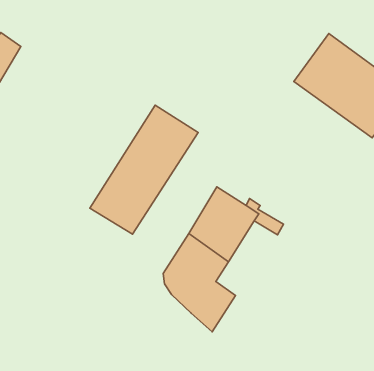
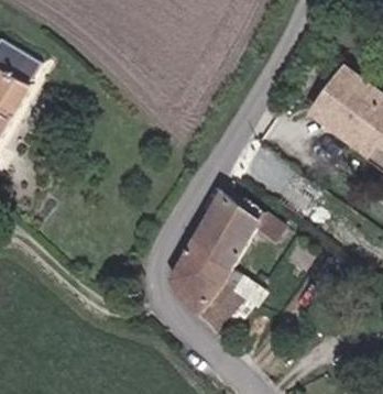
building: [90,105,198,234] -> none

